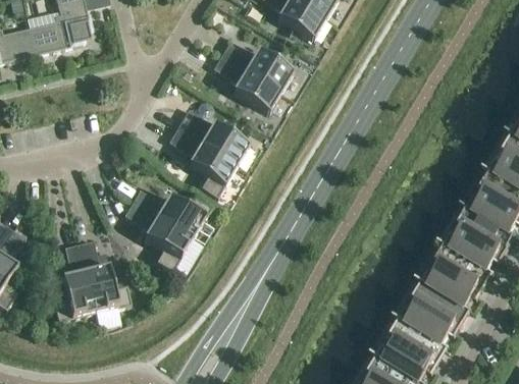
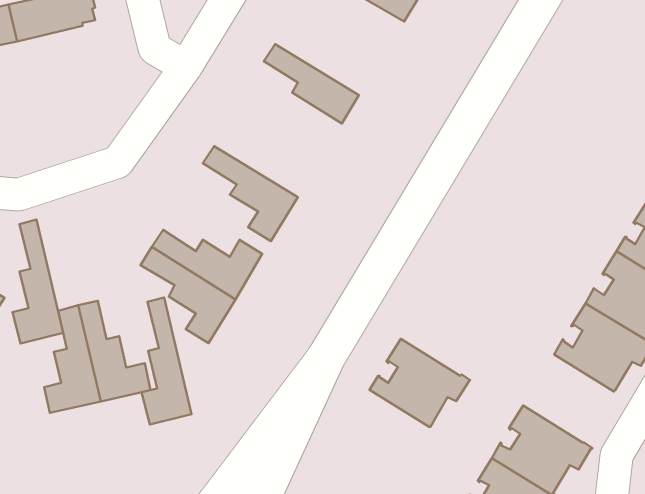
building: [220,41,294,91] -> none
building: [176,114,249,164] -> none
building: none -> [12,220,63,343]
building: none -> [142,297,192,425]
building: [399,277,471,340] -> [370,339,470,427]

